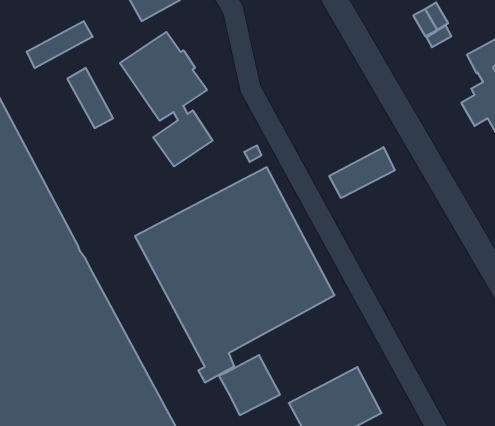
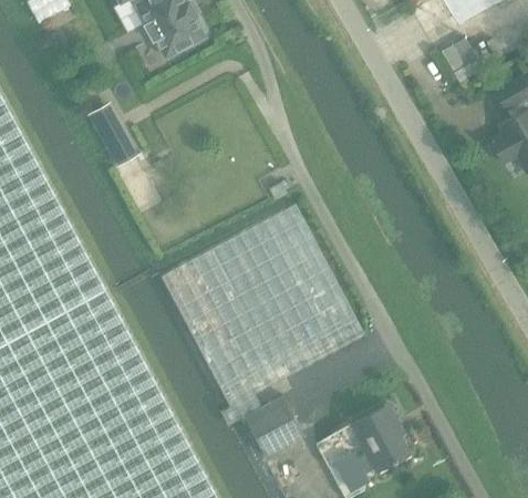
building: [27,21,93,68] -> none
building: [120,32,212,166] -> none
building: [329,147,395,198] -> none

